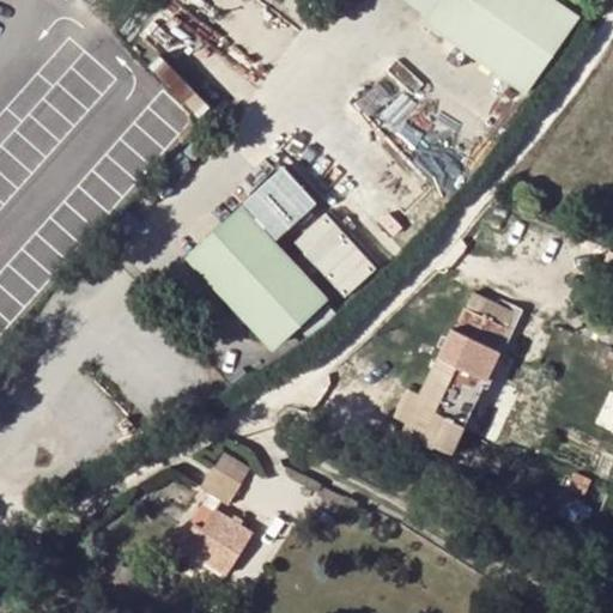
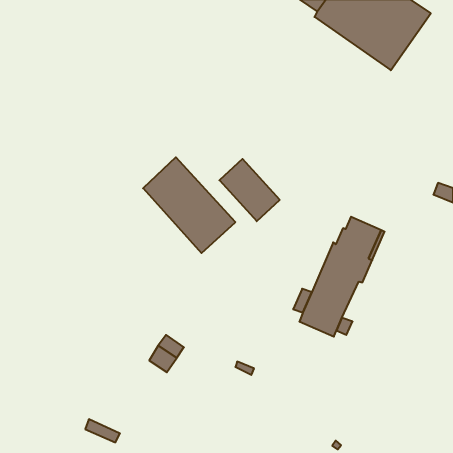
building: [244,166,317,239] -> none
building: [180,505,251,575] -> none

